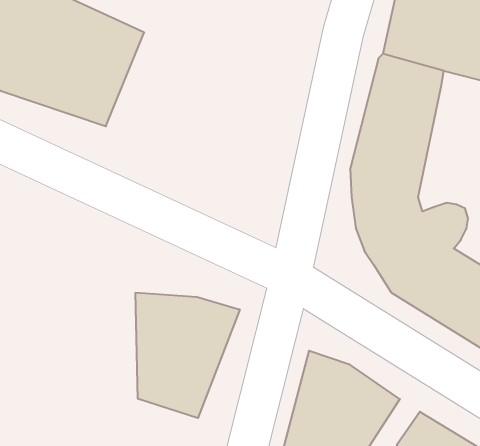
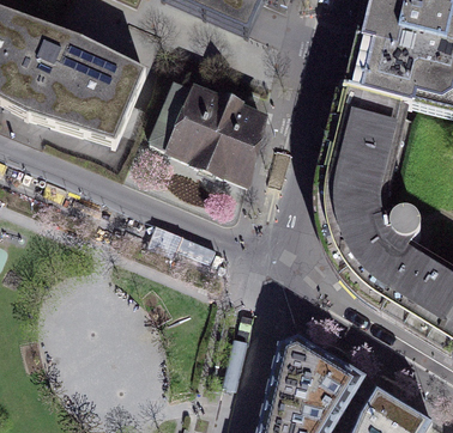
building: none -> [155,78,266,175]
building: [136,293,240,418] -> none

